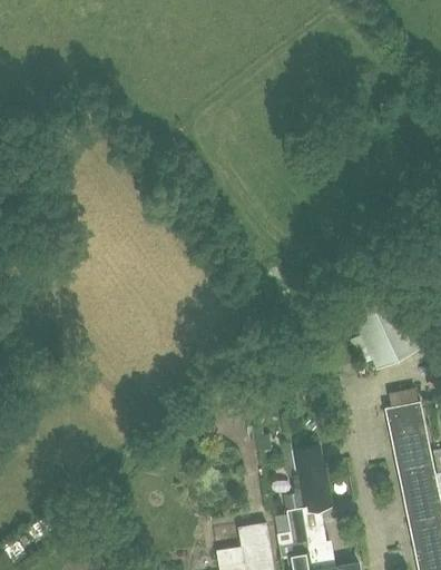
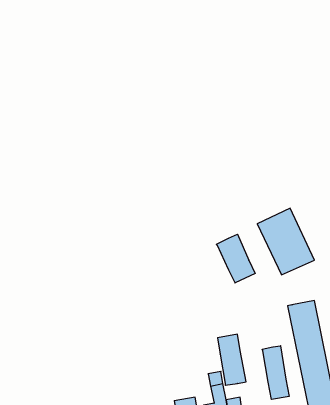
building: none -> [216,234,255,283]
building: none -> [262,346,289,399]

